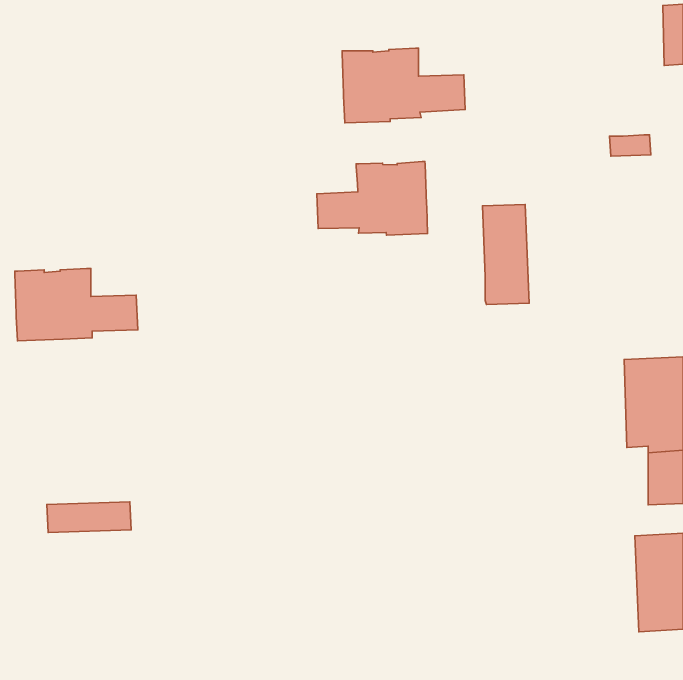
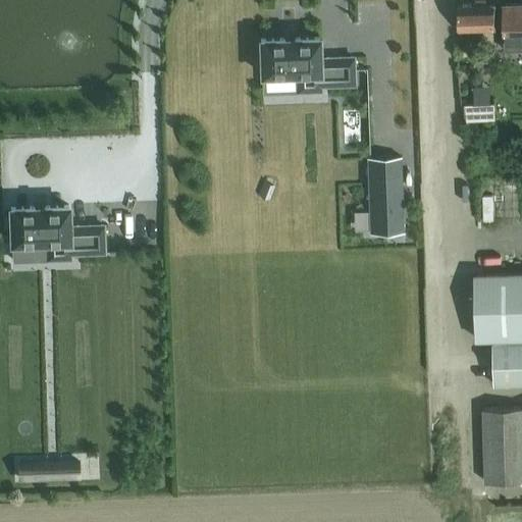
building: none -> [459,7,498,33]
building: [317,161,427,235] -> none
building: [47,502,131,533] -> [17,460,82,483]

